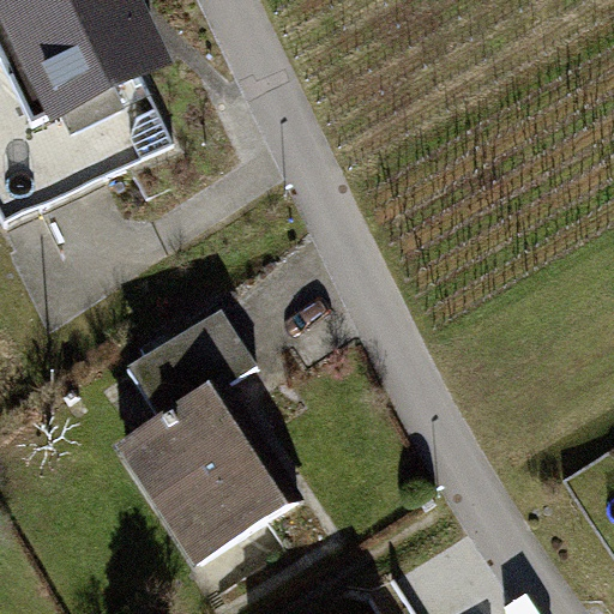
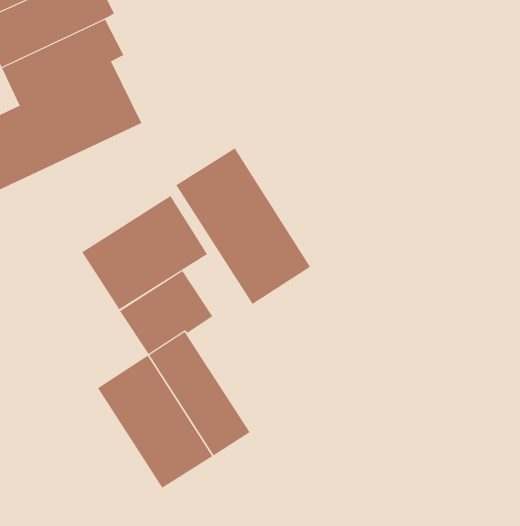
building: none -> [176,148,311,305]
building: none -> [82,195,208,310]

